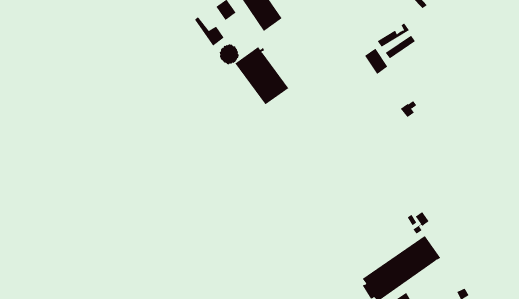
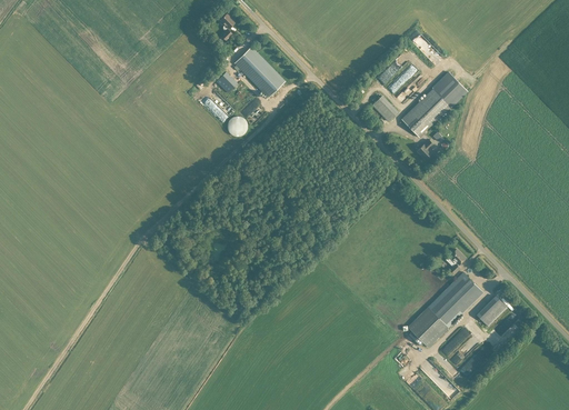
building: none -> [401,71,468,137]
building: [235,46,289,105] -> none
building: none -> [477,296,507,327]

